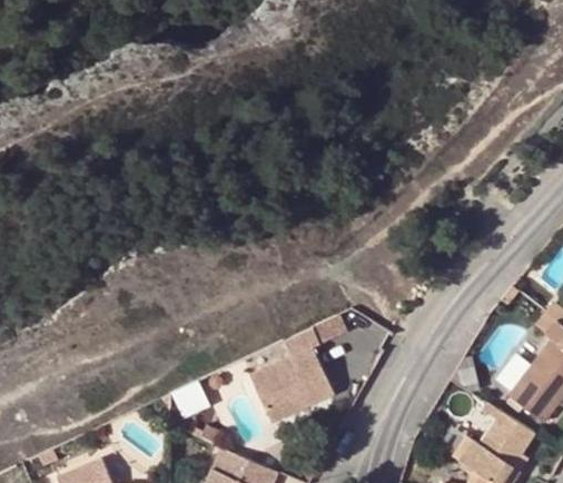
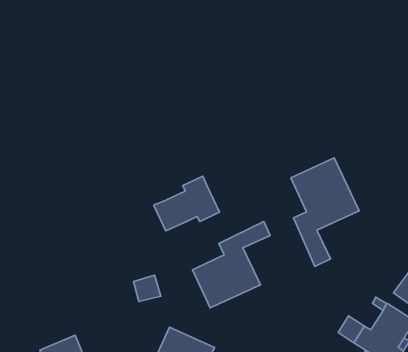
building: none -> [291,158,359,266]
building: none -> [154,176,220,231]

